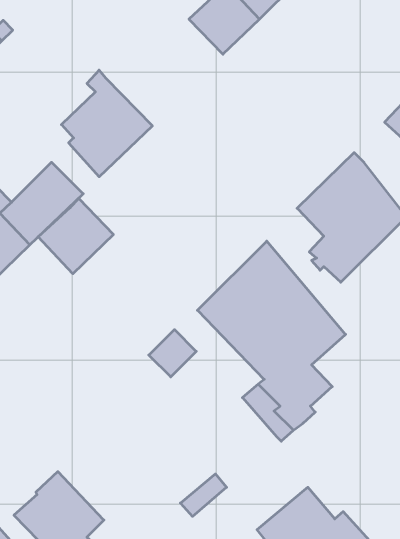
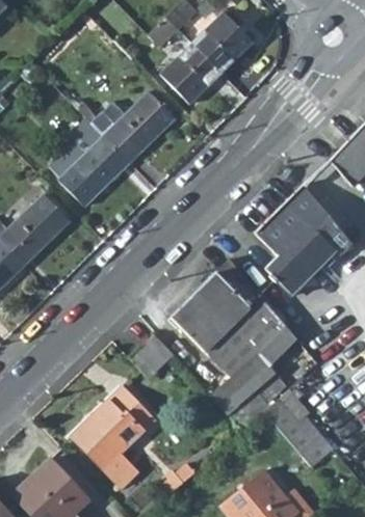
building: none -> [92,89,177,162]
building: [38,199,113,274] -> none
building: none -> [79,384,161,484]
building: none -> [260,396,335,464]

